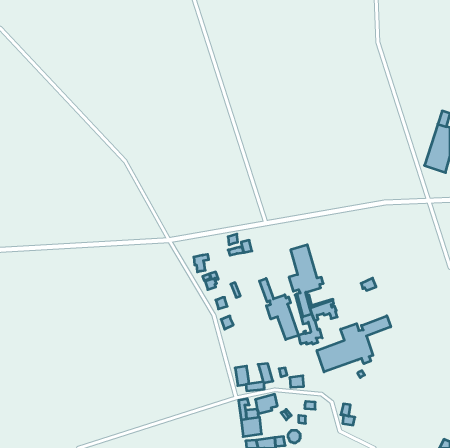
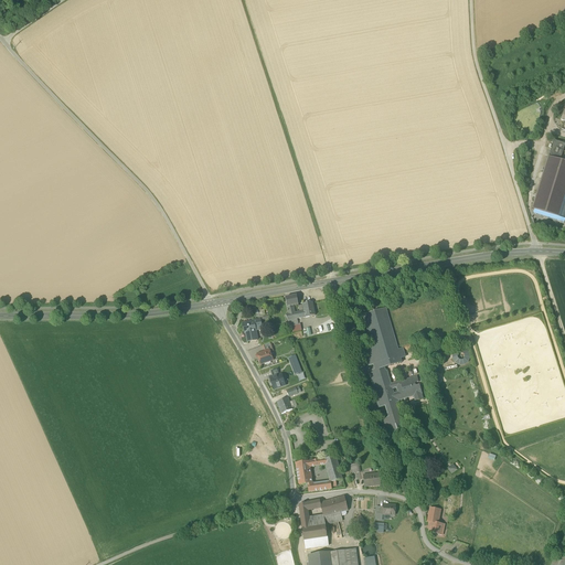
building: [259,278,299,340] -> none
building: [317,316,391,372] -> none

